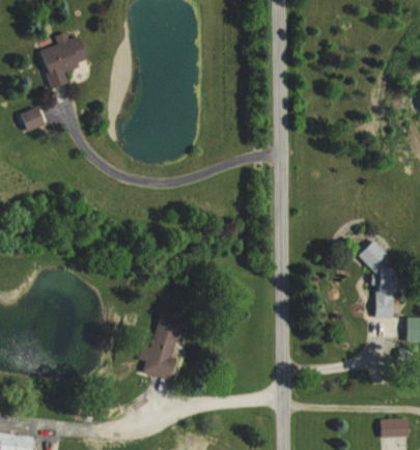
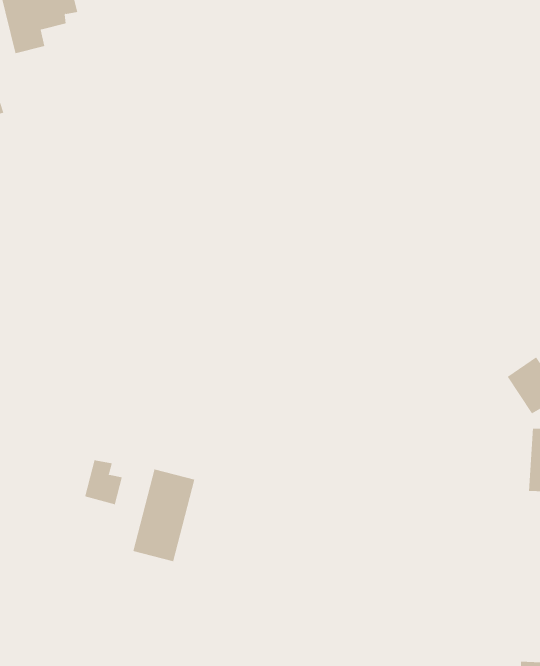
building: none -> [85,459,122,505]

